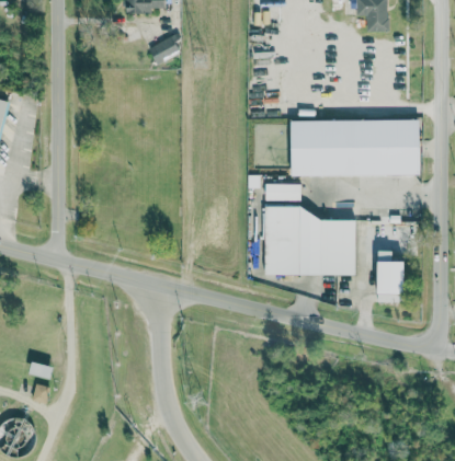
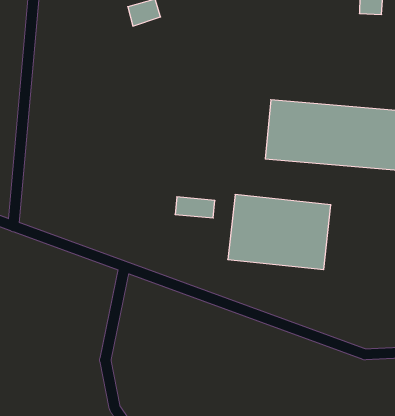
building: [264,184,300,200] -> [175,197,215,218]
building: [378,251,405,302] -> none

